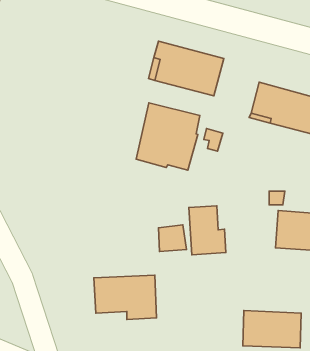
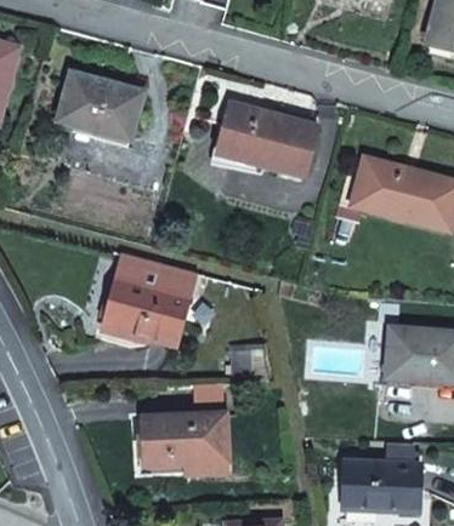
building: none -> [58,73,142,144]
building: [136,103,200,170] -> [104,253,189,343]
building: [189,206,226,255] -> none

